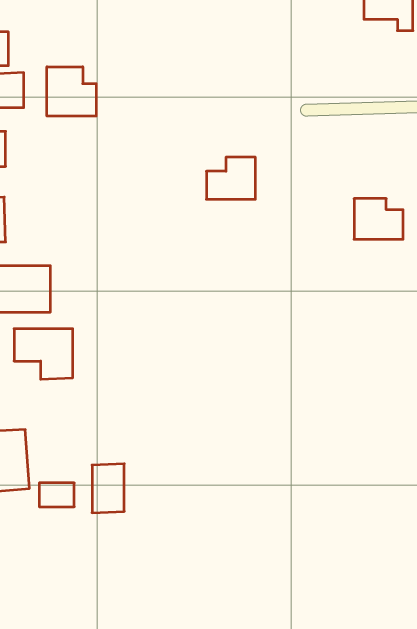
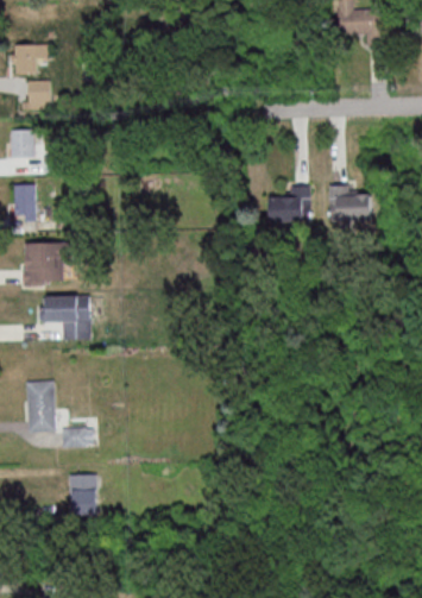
building: [47,67,96,116] -> none
building: [206,157,255,199] -> [270,187,311,222]
building: [92,464,124,513] -> [70,474,97,516]

